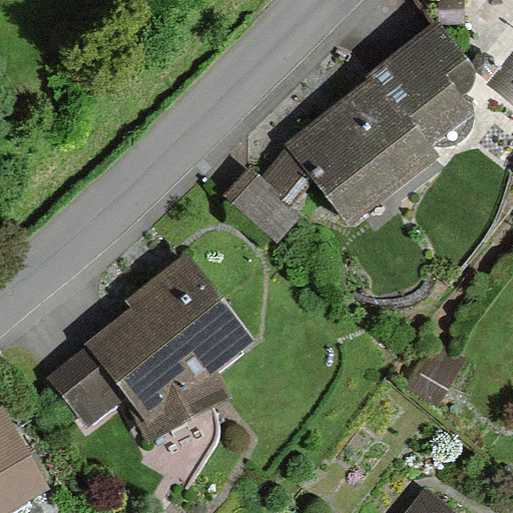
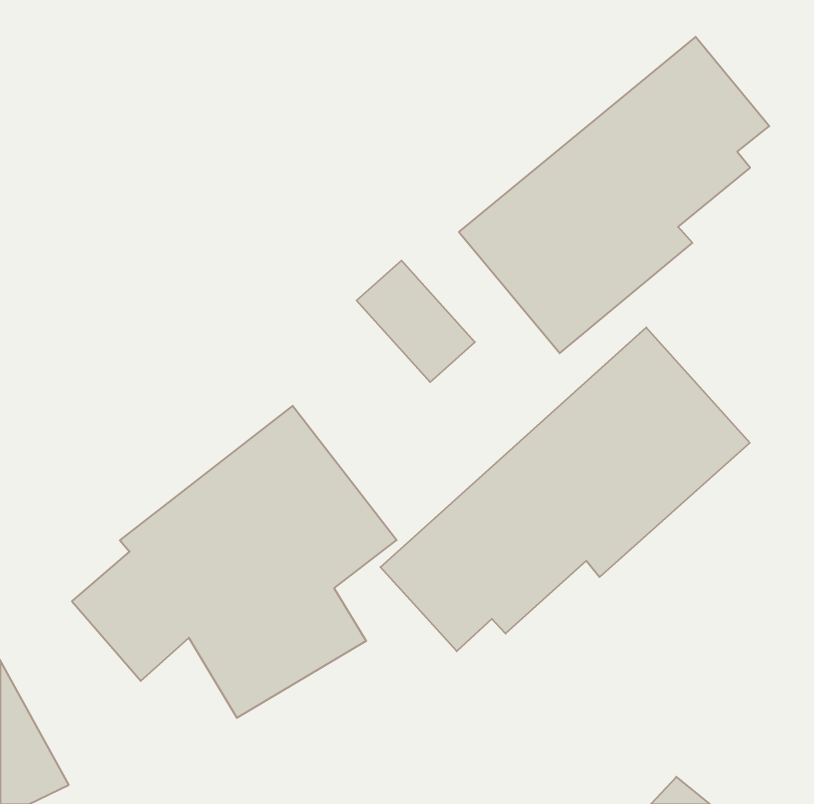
building: none -> [380,327,750,651]

